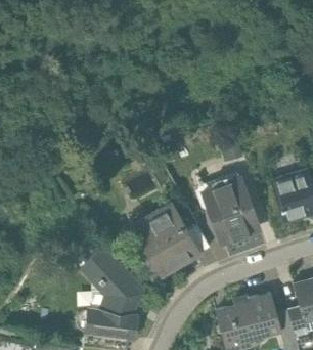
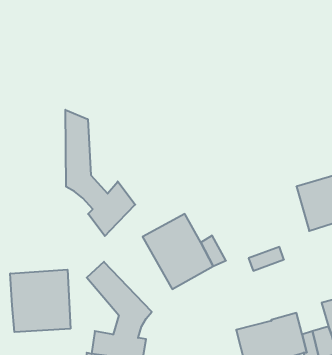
building: none -> [65,110,135,236]
building: [204,180,258,243] -> none
building: none -> [10,270,70,332]

